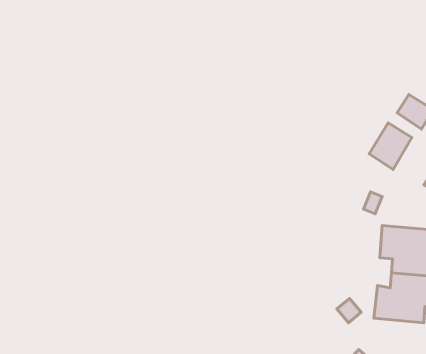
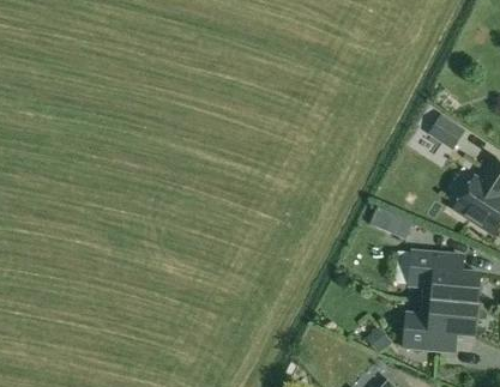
building: [369,123,412,170] -> none

